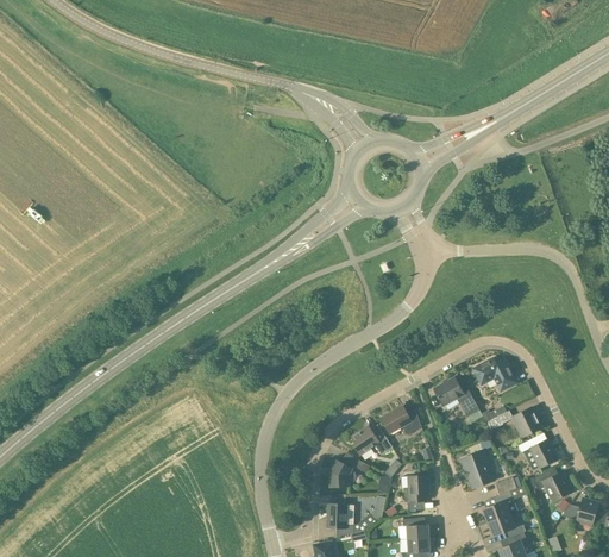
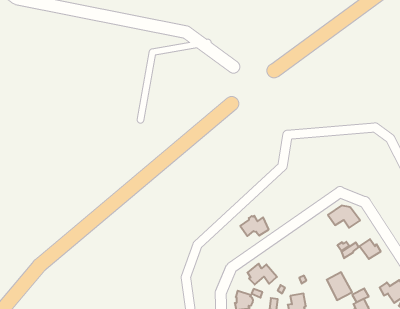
building: [433,377,478,418] -> none
building: [381,406,420,434] -> [240,216,269,236]
building: [517,439,555,469] -> none

